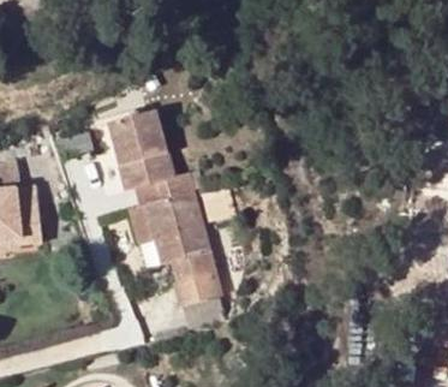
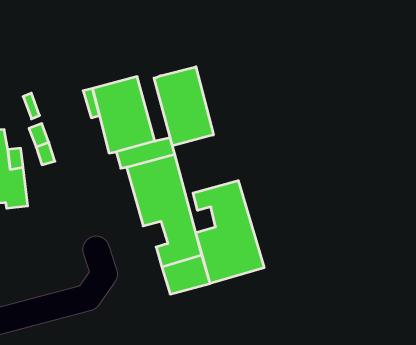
building: none -> [154,67,213,146]
building: none -> [193,181,264,284]

